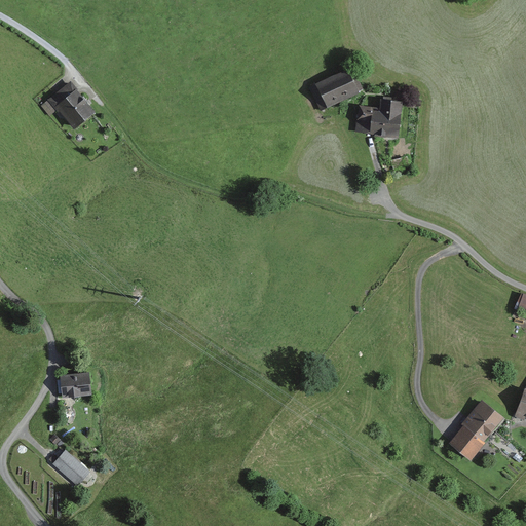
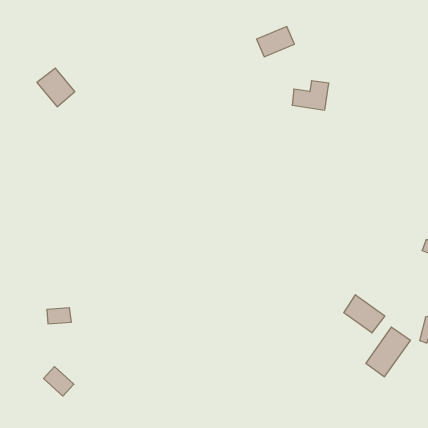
building: [311,72,358,109] -> [257,27,294,57]
building: none -> [344,295,385,333]

